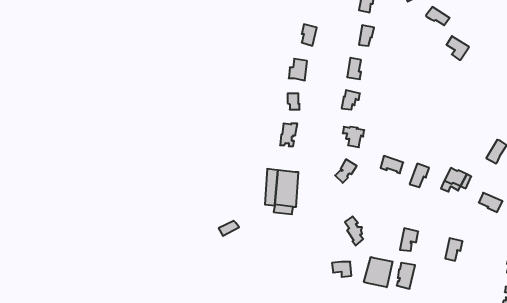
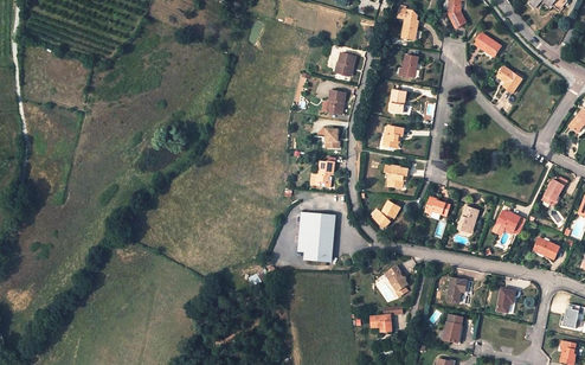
building: [364,257,393,287] -> none

